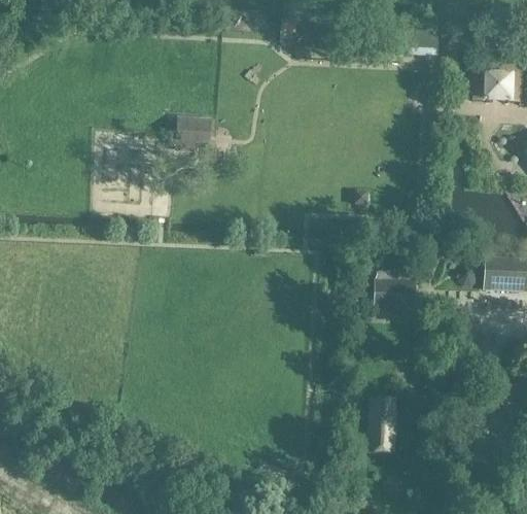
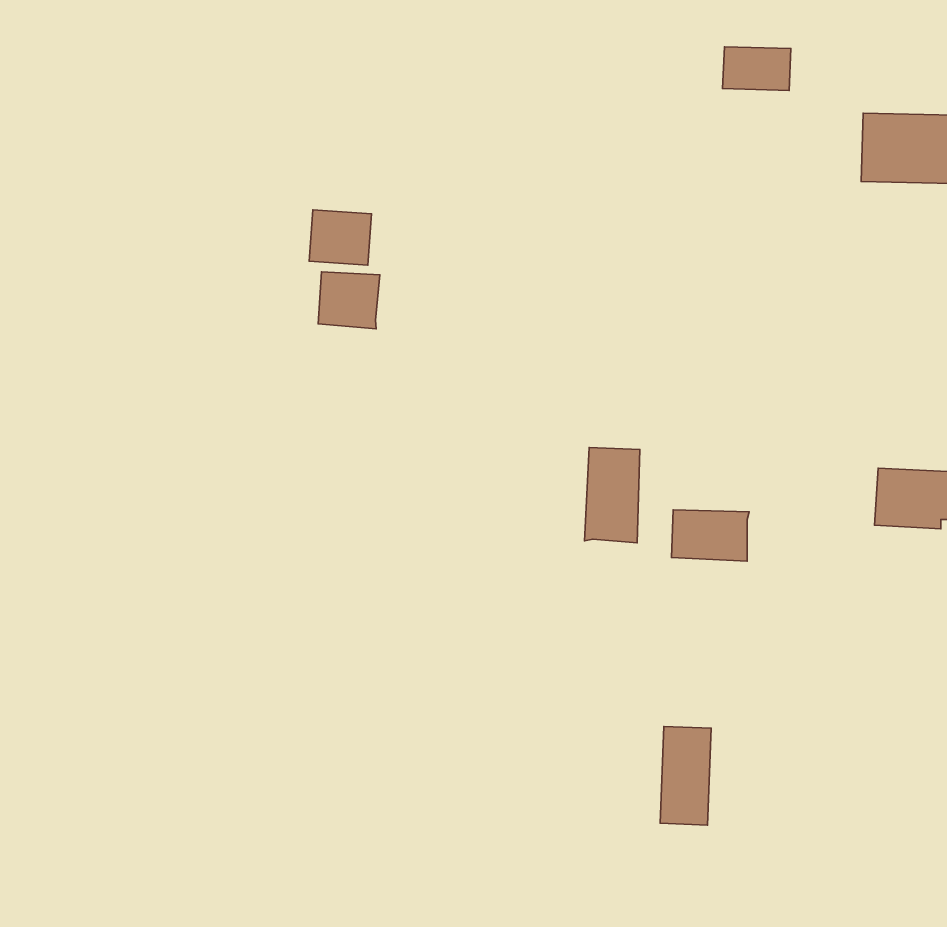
building: none -> [318,272,380,329]
building: none -> [585,448,640,543]

